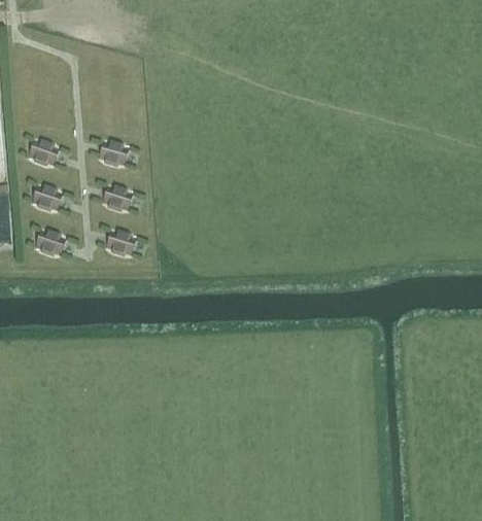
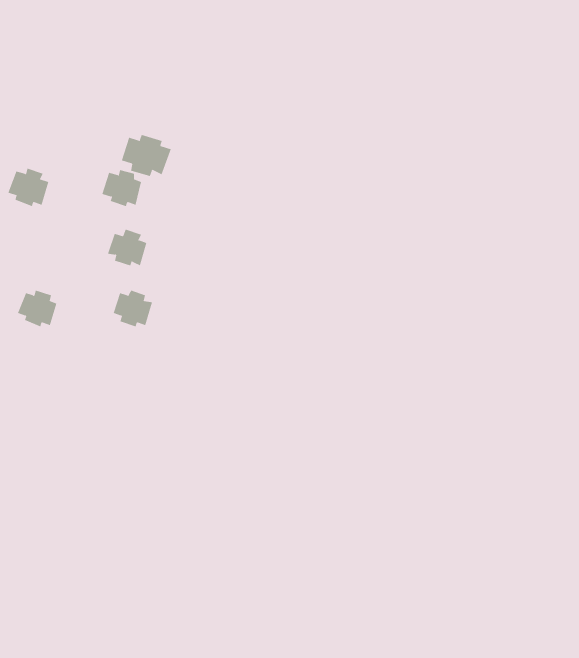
building: none -> [121,134,171,177]
building: [31,183,62,211] -> none

